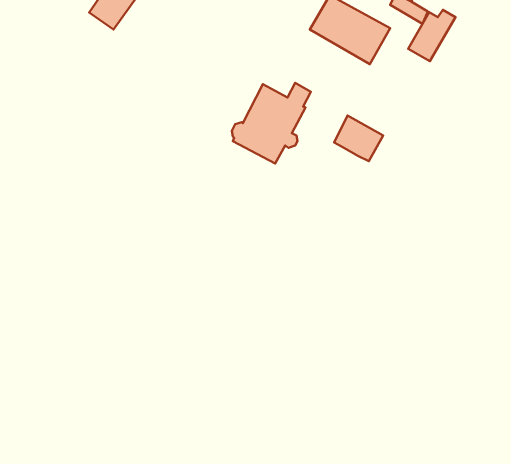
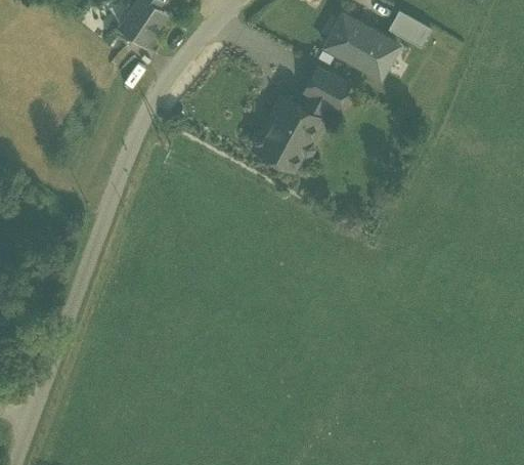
building: [408,10,455,61] -> none
building: [334,116,383,161] -> [303,68,348,110]

